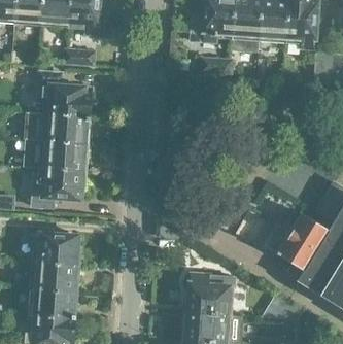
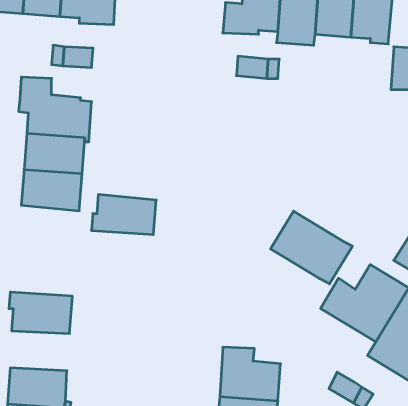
building: [35,168,83,198] -> [91,195,156,235]
building: none -> [271,211,352,284]
building: [32,262,76,291] -> none

